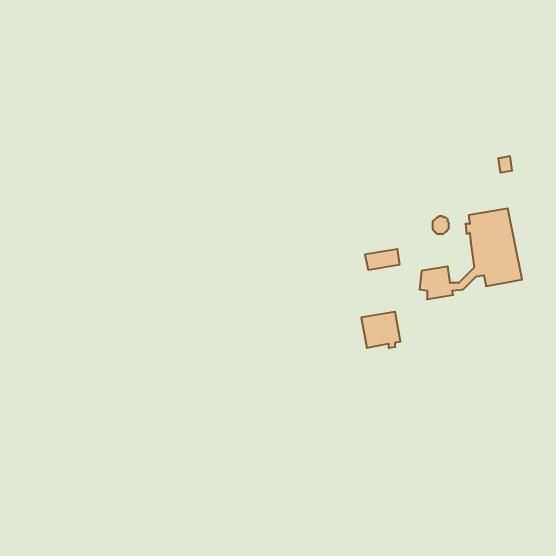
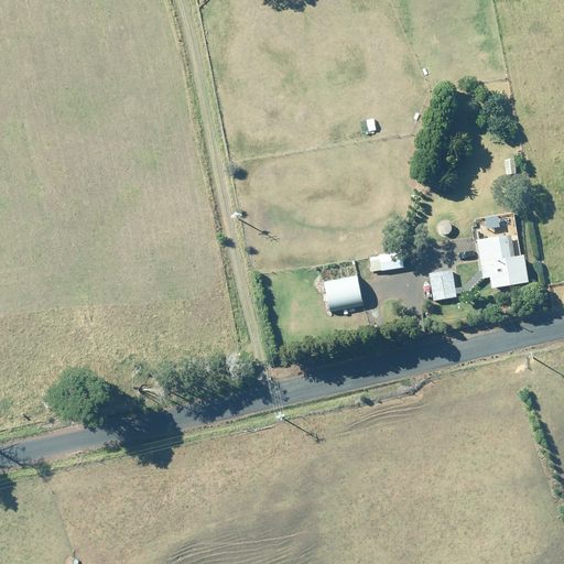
building: [361,312,401,348] -> [323,275,362,312]

